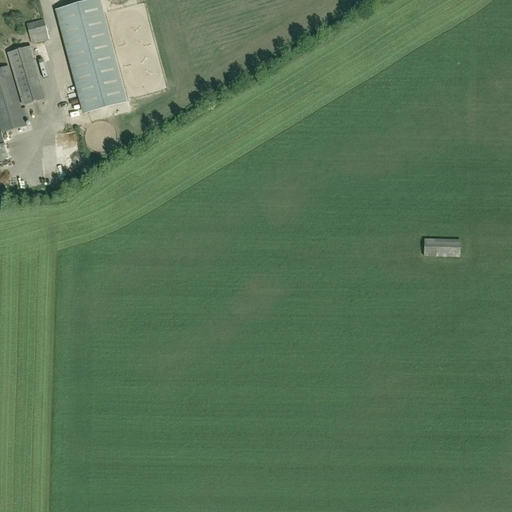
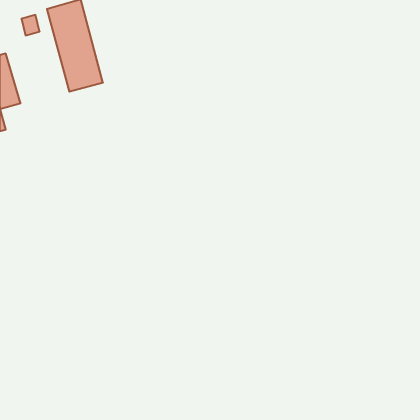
building: [7,45,45,104] -> none
building: [423,238,459,255] -> none

